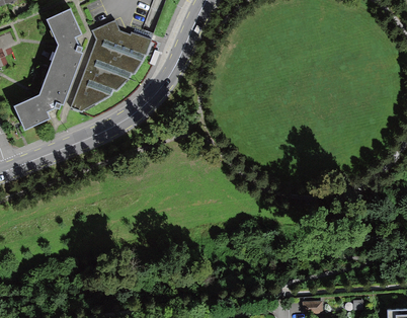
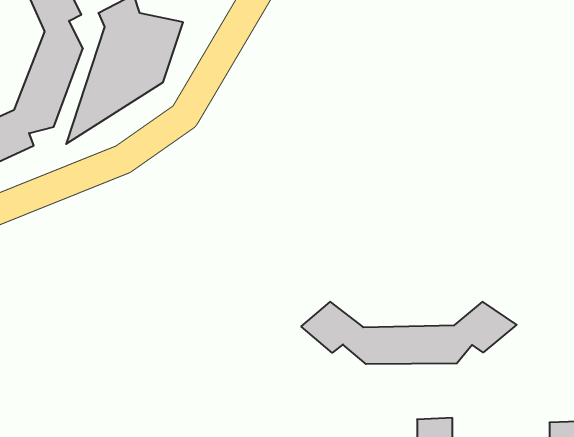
building: none -> [301,302,517,364]

